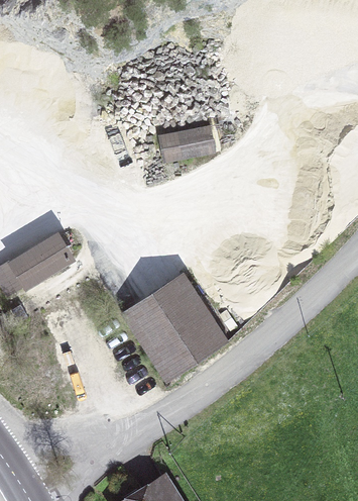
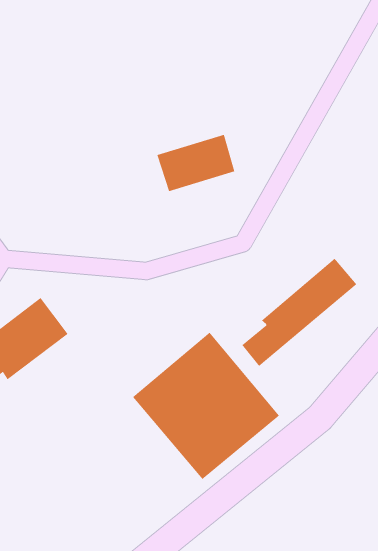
building: none -> [242,258,357,367]

